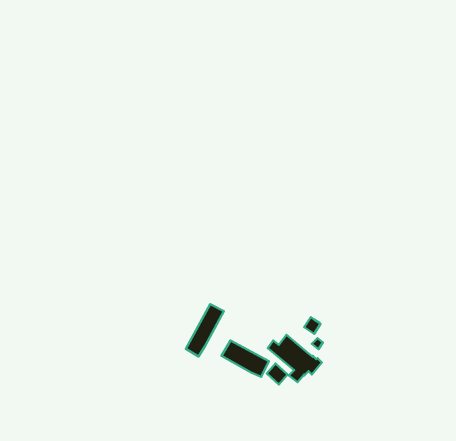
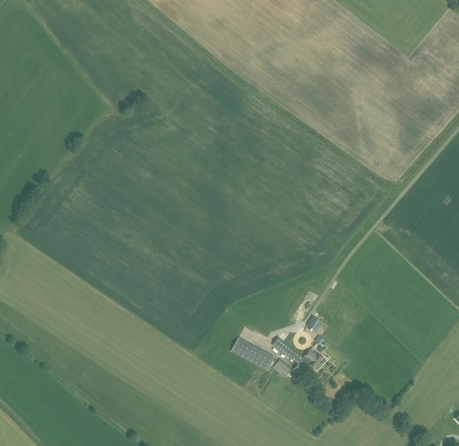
building: [186,304,224,357] -> none

